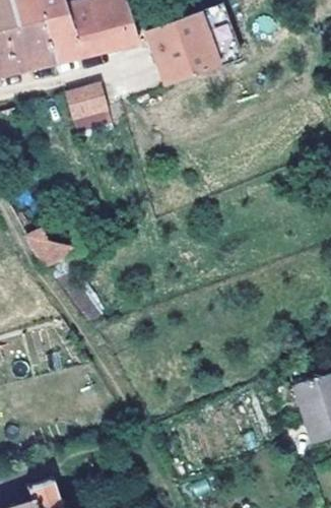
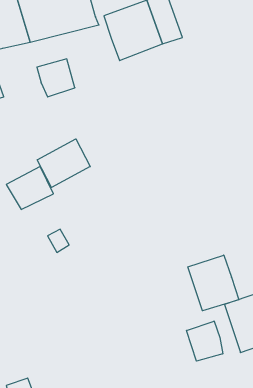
building: none -> [37,139,90,187]
building: none -> [188,255,239,311]
building: none -> [187,321,223,361]

